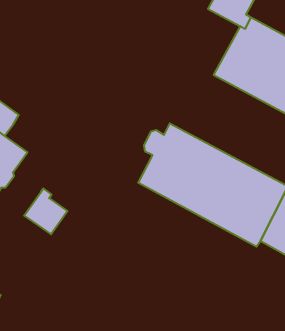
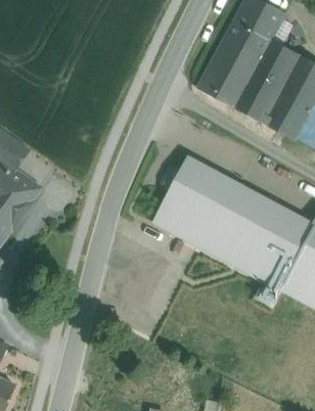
building: none -> [202,36,265,106]
building: [24,188,67,234] -> none

